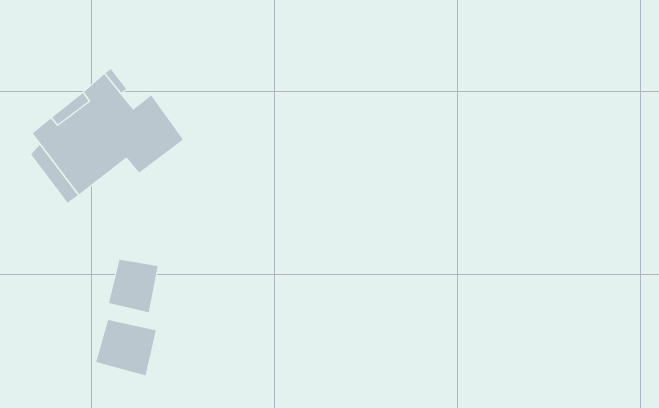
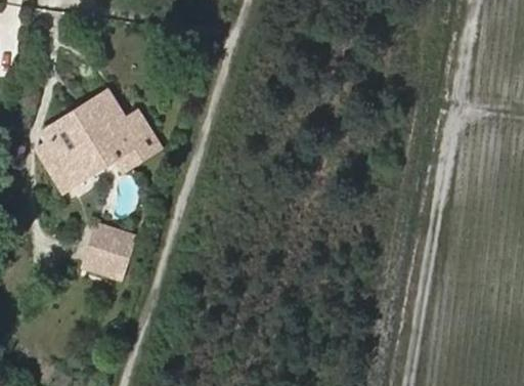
building: [96,319,156,376] -> none

